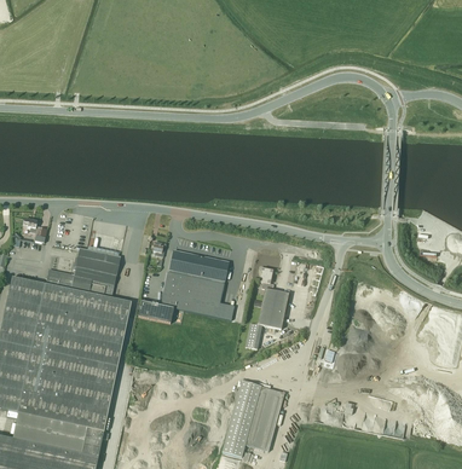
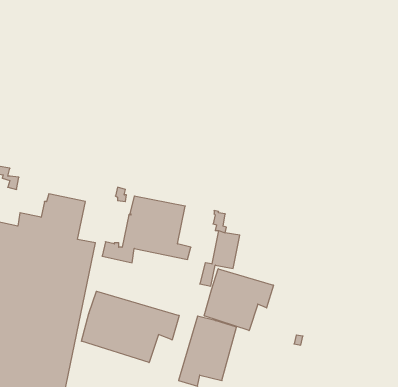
building: none -> [204,269,273,331]
building: none -> [81,291,179,363]

